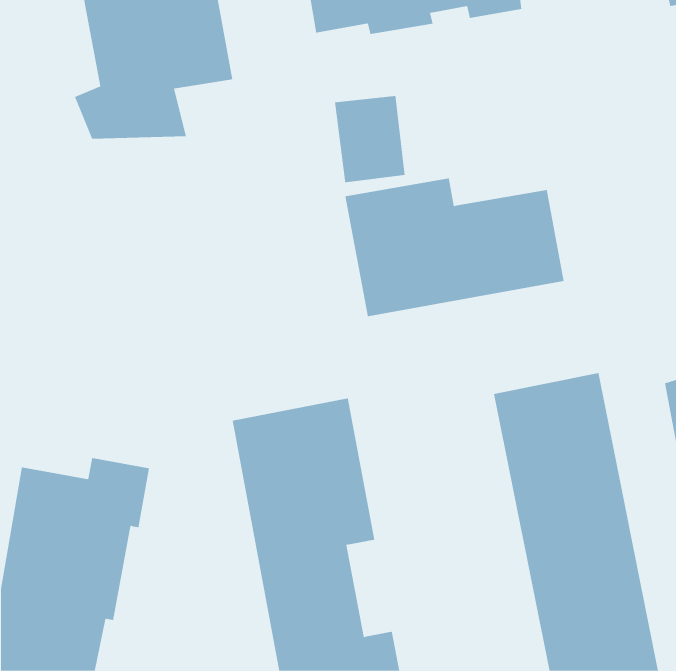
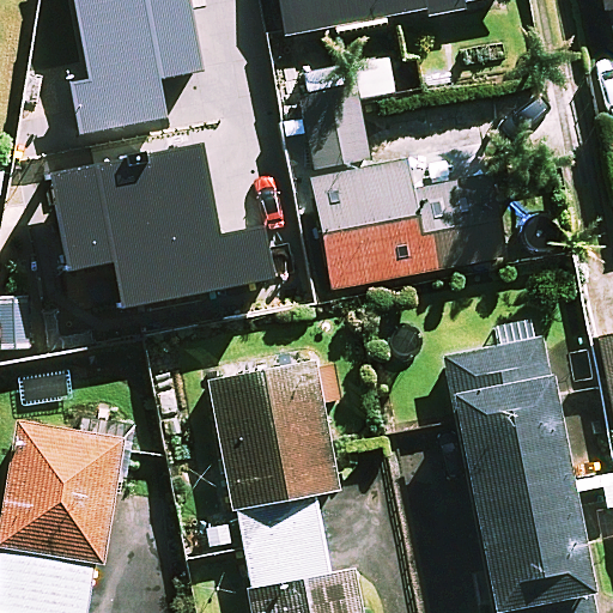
building: none -> [50,151,272,303]

